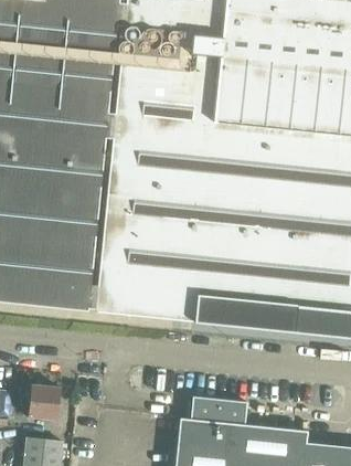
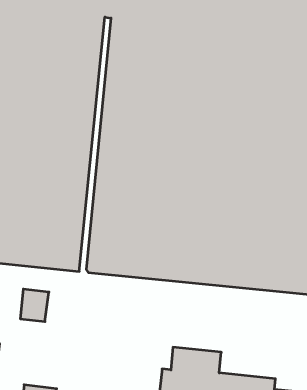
building: [30,384,62,421] -> [20,289,49,322]

